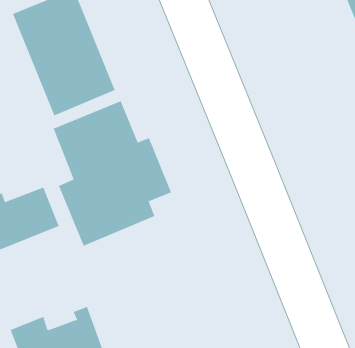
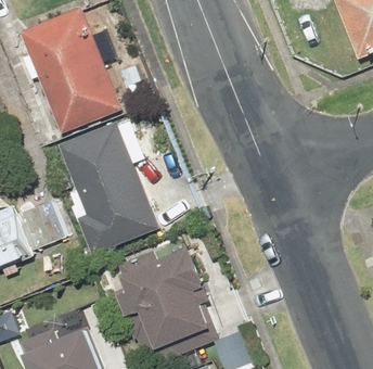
building: none -> [116,241,210,344]

